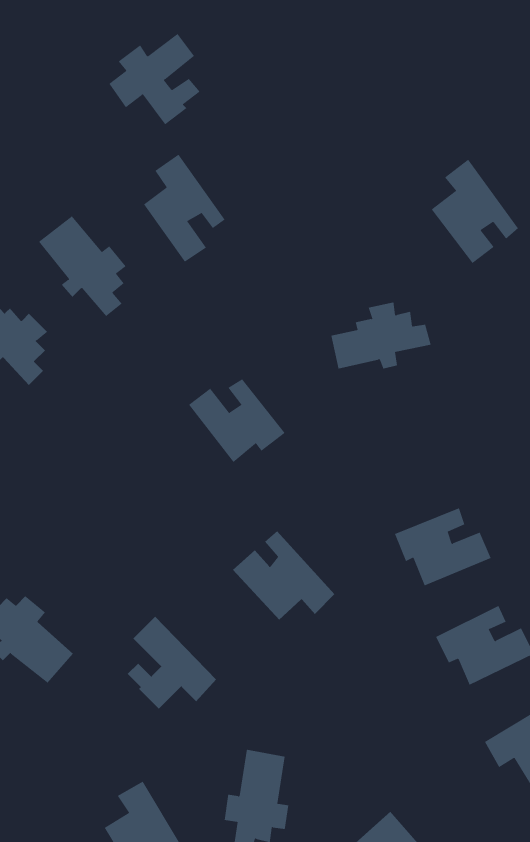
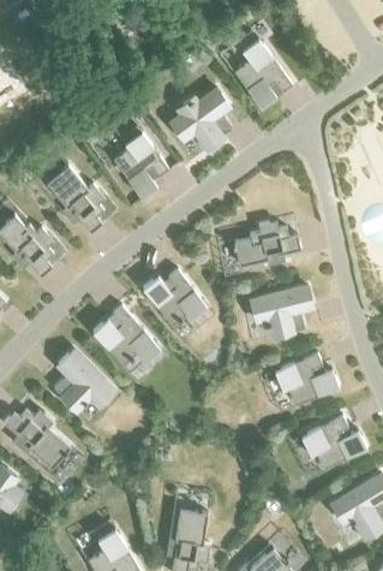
building: [109,33,200,125] -> [172,90,231,149]
building: [431,159,519,264] -> [234,38,291,106]
building: none -> [251,287,311,335]
building: [232,531,335,621] -> [92,307,158,364]
building: [127,616,217,710] -> [55,350,113,410]

